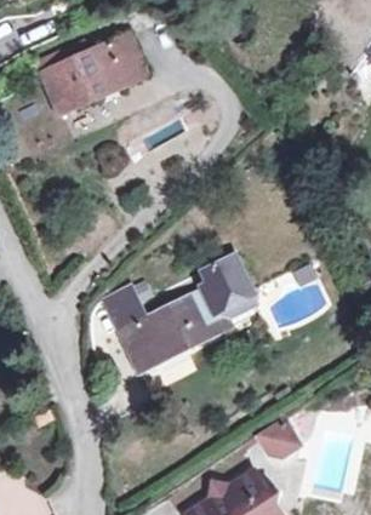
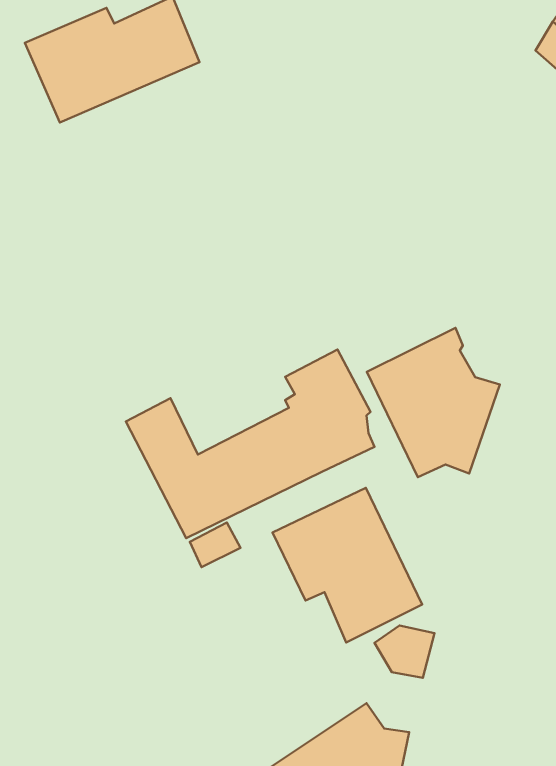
building: none -> [367,328,500,477]
building: none -> [272,488,422,642]

